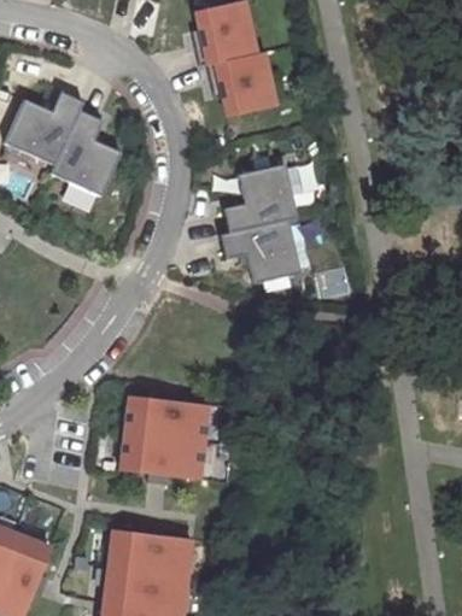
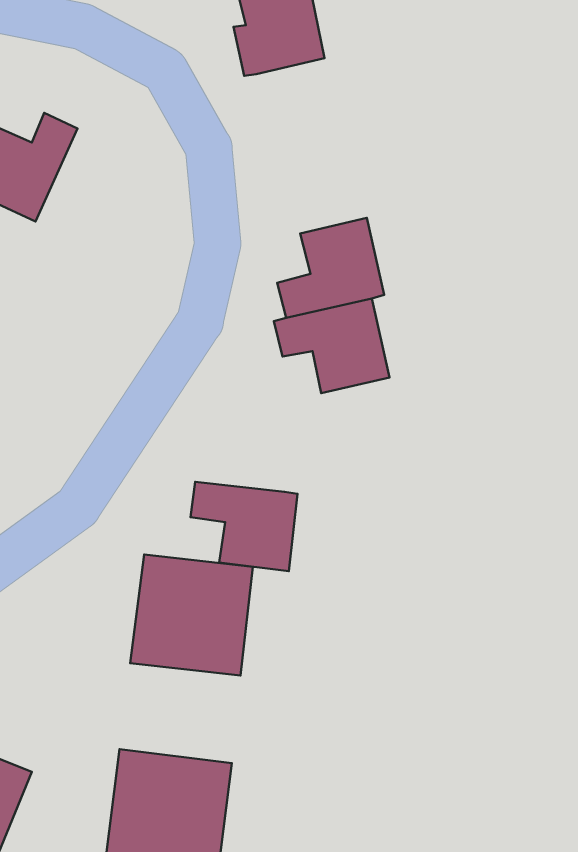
building: [207,53,274,117] -> none
building: [52,111,122,196] -> none
building: none -> [190,482,297,571]

